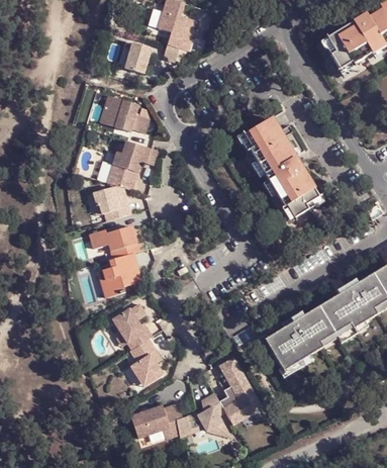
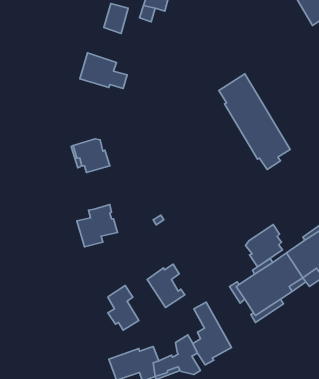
building: [106,142,157,190] -> none
building: [91,227,142,259] -> none
building: none -> [246,224,283,267]
building: [111,304,151,350] -> [147,264,185,308]

